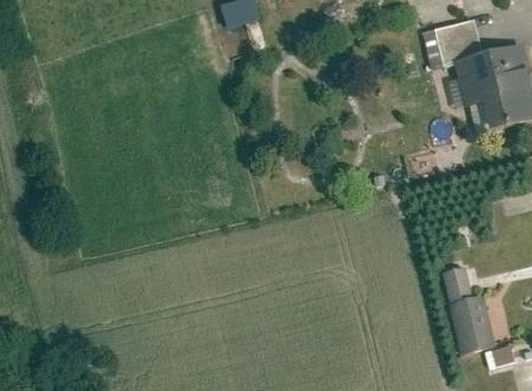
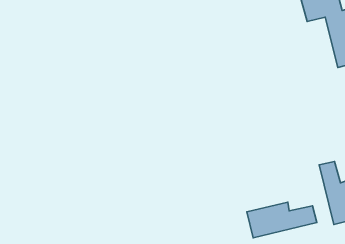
building: none -> [247,202,317,238]

